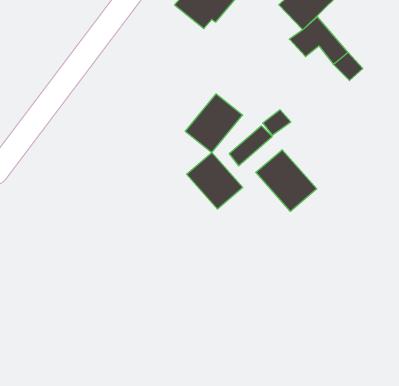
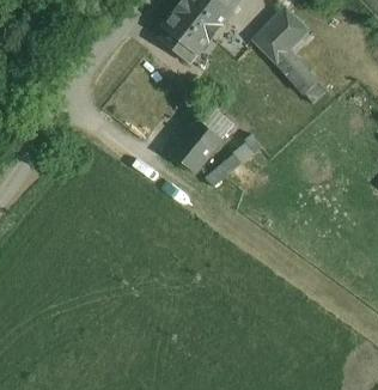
building: [256,150,317,211] -> none
building: [187,153,243,209] -> none

